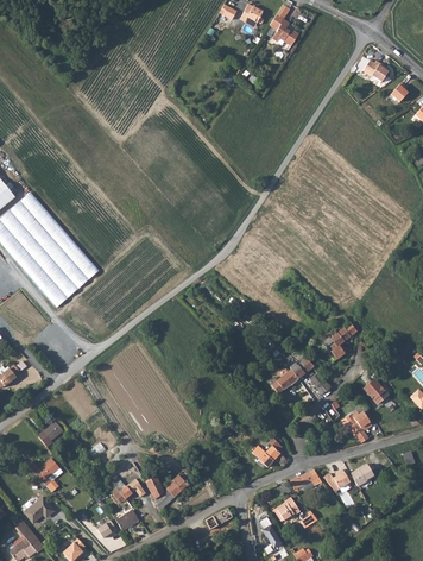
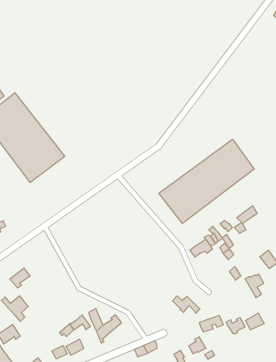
building: none -> [159,139,254,223]

